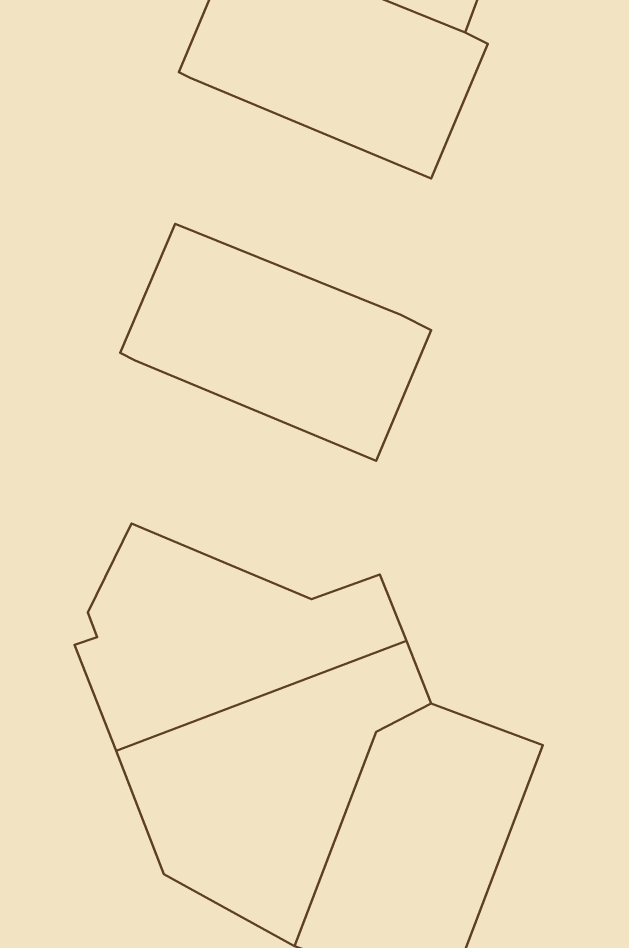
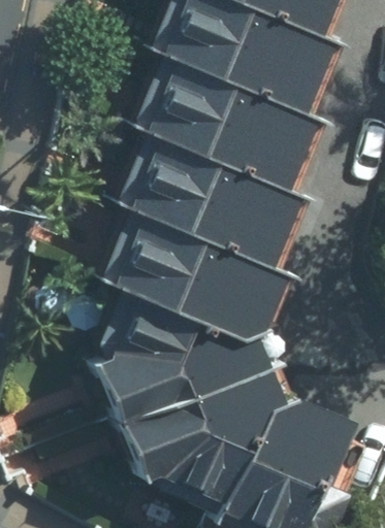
building: none -> [114,53,286,182]
building: none -> [81,206,267,336]

